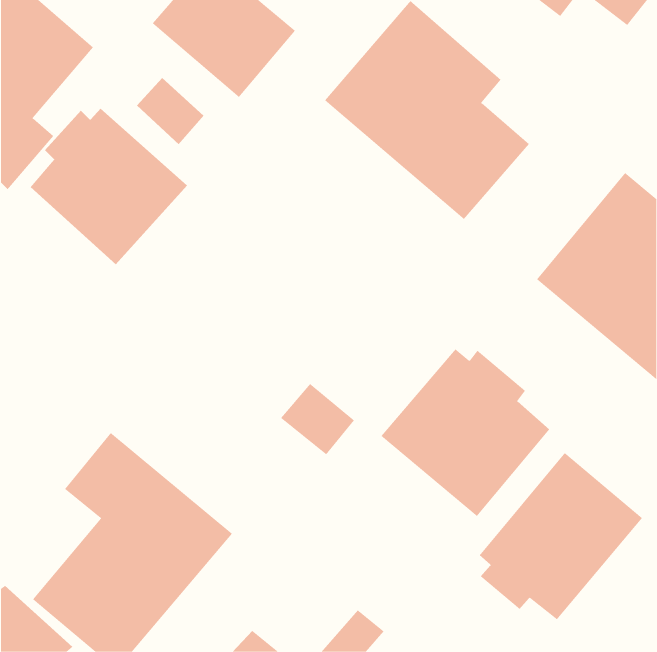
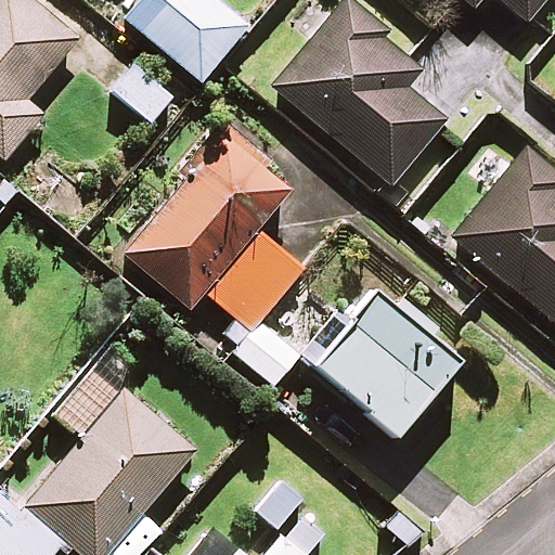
building: [30,108,188,265] -> none
building: none -> [126,122,302,328]
building: [479,452,643,620] -> none

